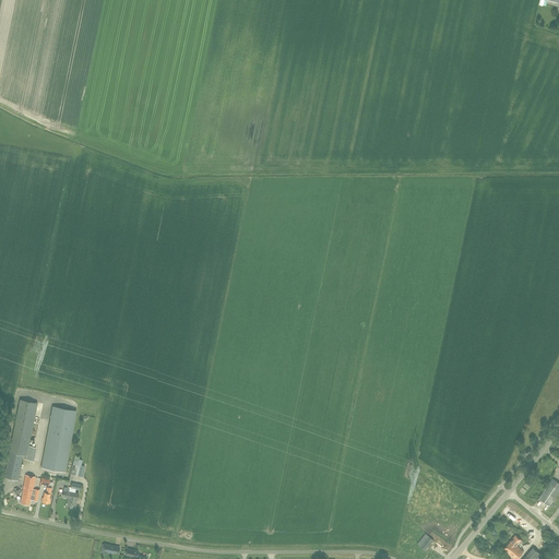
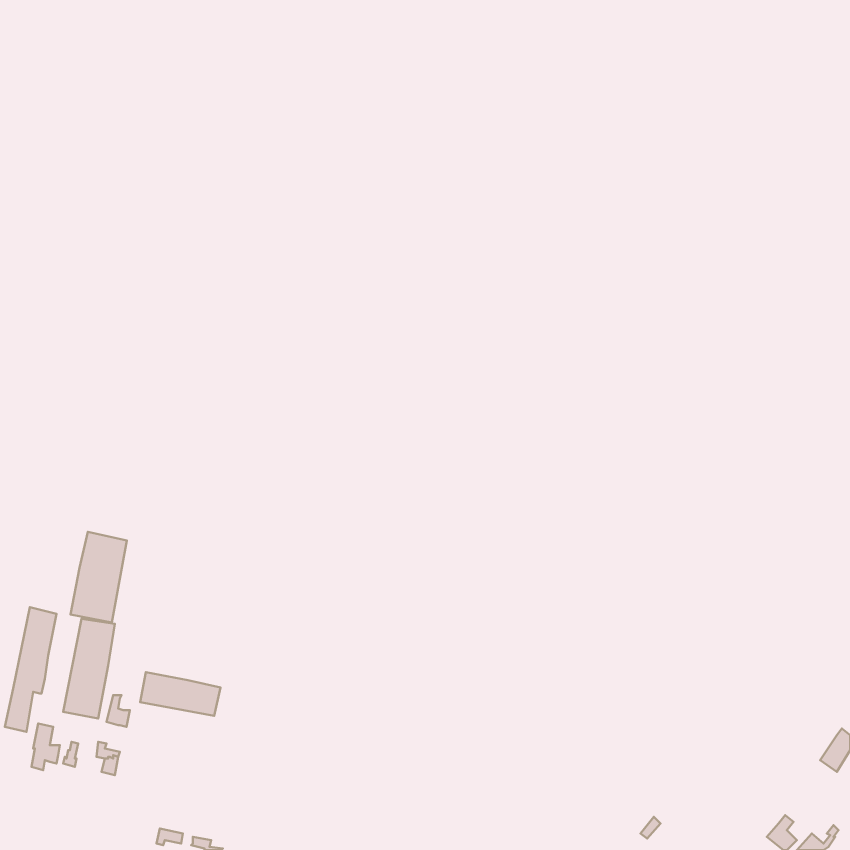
building: none -> [71,532,127,622]
building: none -> [140,672,221,716]

